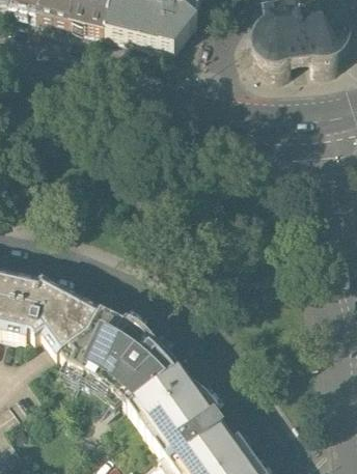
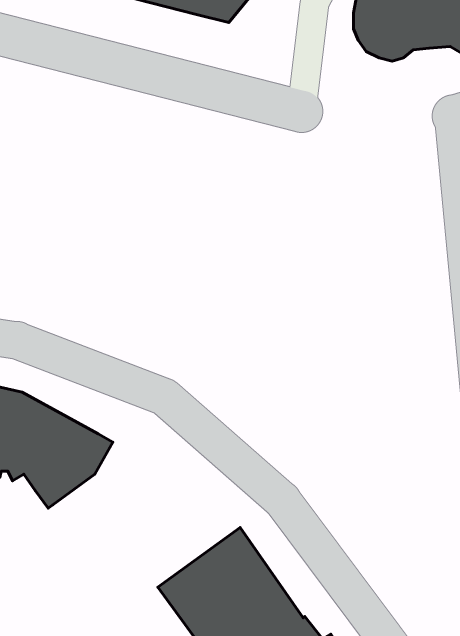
building: [61,310,182,407] -> none

